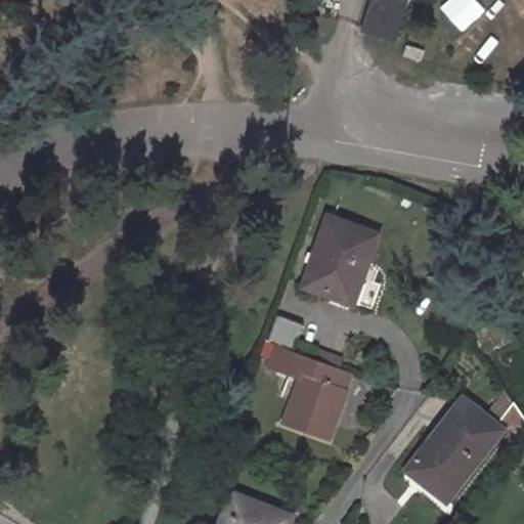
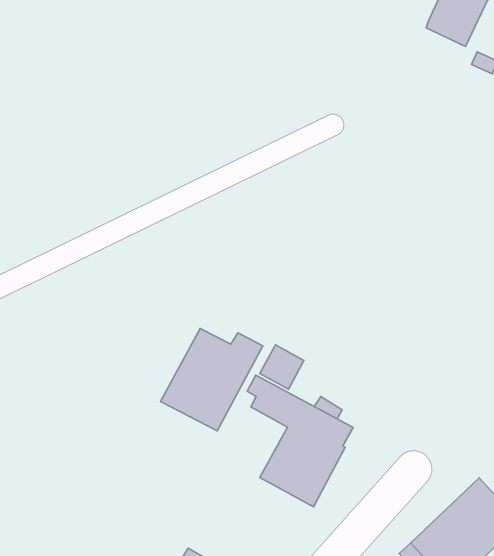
building: [304,219,379,308] -> none
building: none -> [161,328,263,431]

